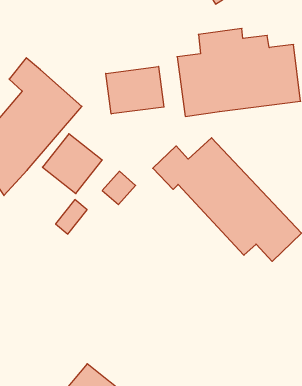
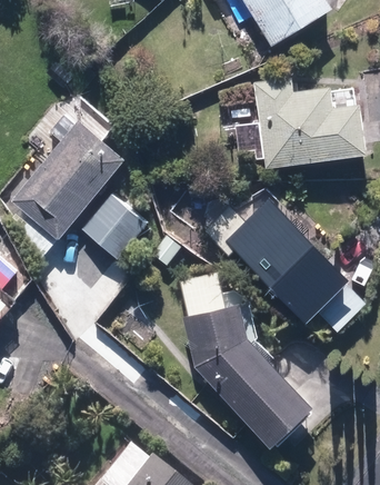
building: [106,66,164,114] -> none
building: none -> [180,271,313,448]

